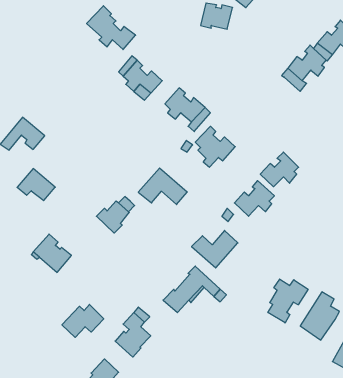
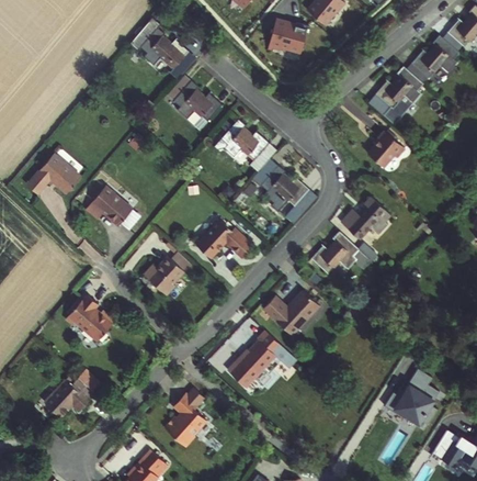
building: none -> [370,132,406,167]
building: [17,169,55,201] -> [83,188,130,227]
building: [268,279,308,323] -> none
building: [62,304,104,337] -> [44,378,95,418]

